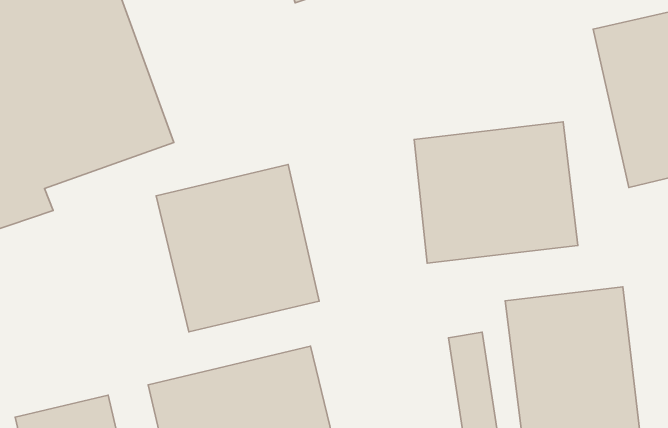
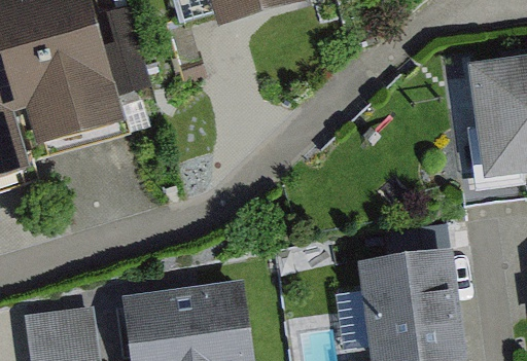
building: [414,122,578,263] -> none
building: [156,165,319,332] -> none

